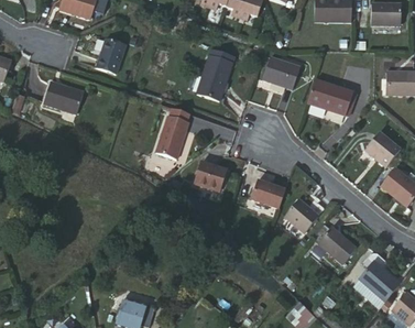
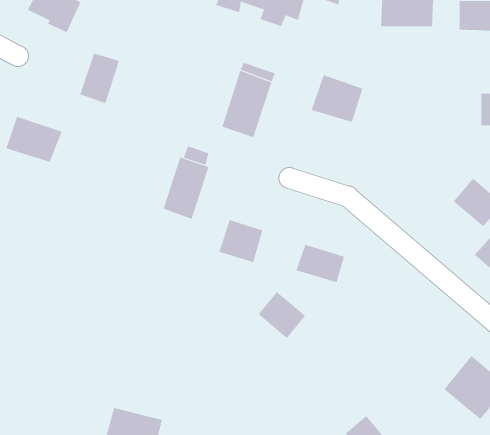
building: [307,77,353,111] -> none
building: [286,195,320,229] -> [258,291,306,339]
building: [319,226,359,261] -> none

